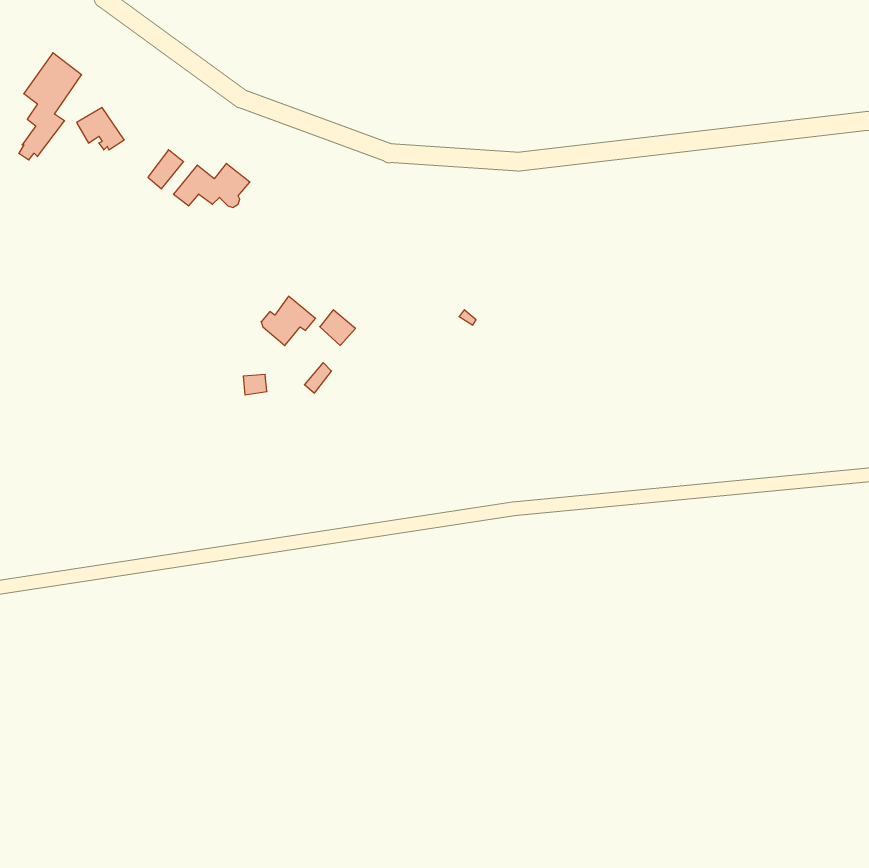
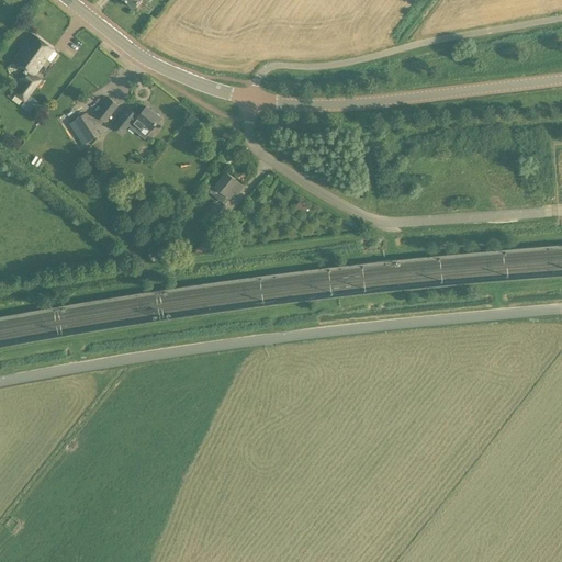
building: [77,107,124,150] -> [69,112,100,139]
building: [261,296,316,346] -> [209,171,244,203]

